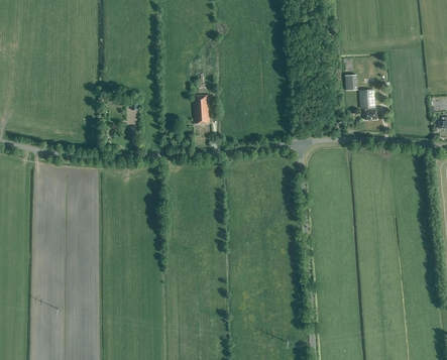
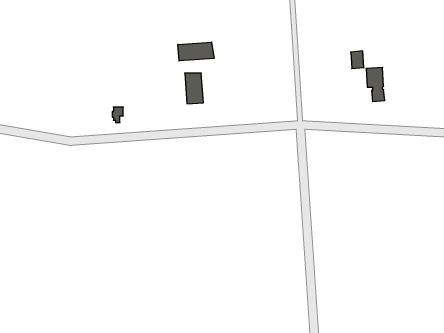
building: none -> [178,42,214,61]

